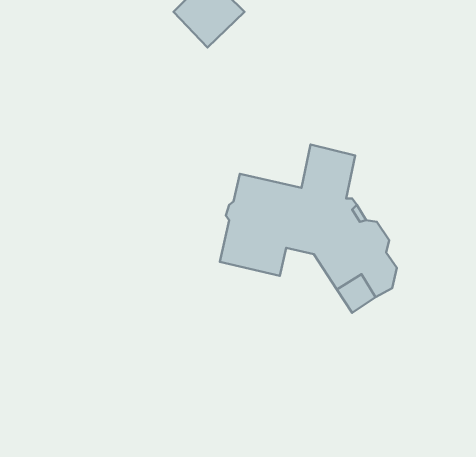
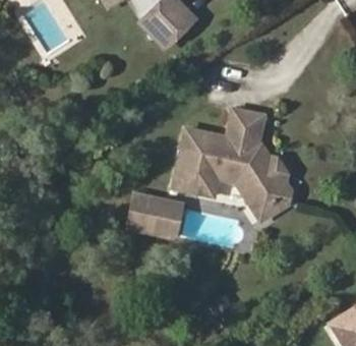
building: none -> [126,193,182,240]

